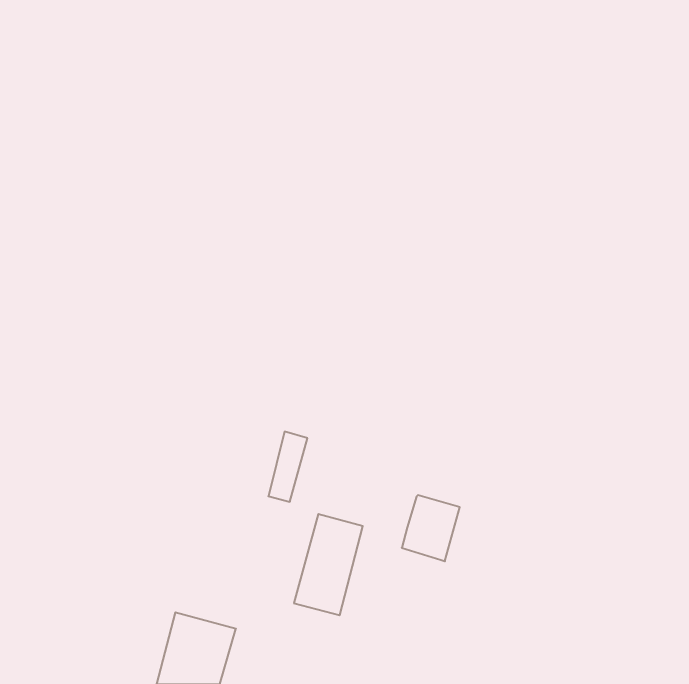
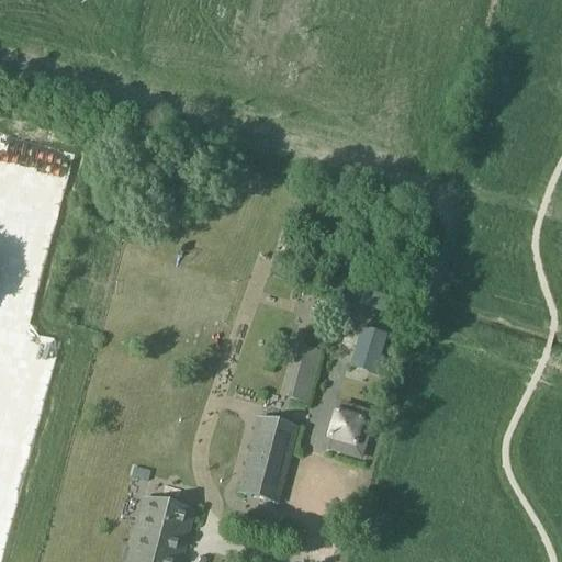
building: none -> [353,325,387,367]
building: [268,432,307,502] -> [288,344,319,401]

